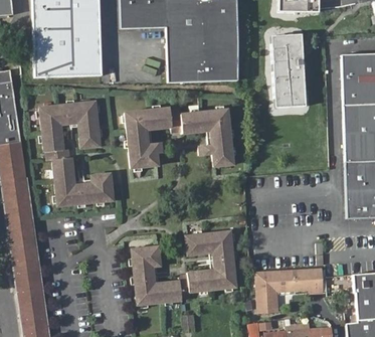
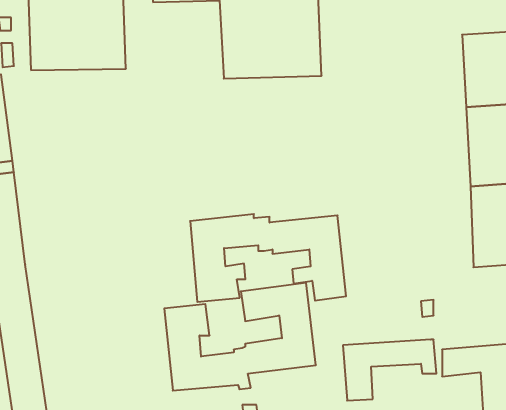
building: [271,33,304,105] -> none
building: [38,100,115,207] -> none
building: [124,107,234,169] -> [190,214,346,302]

